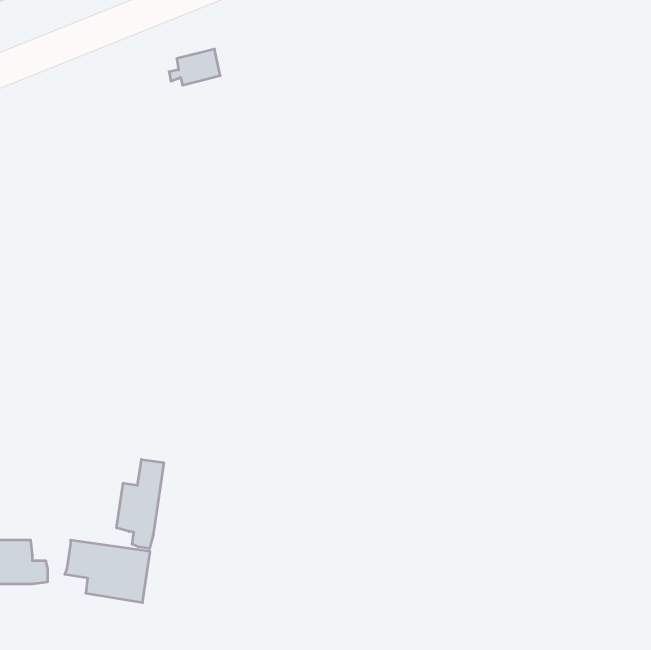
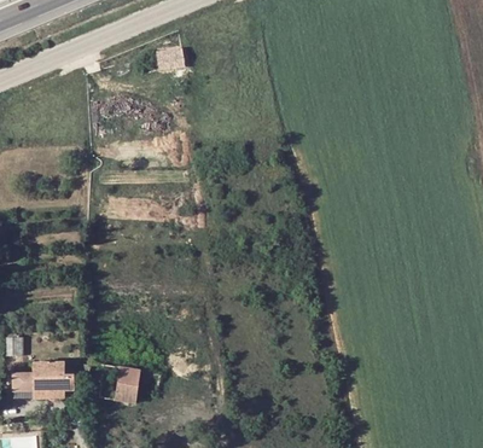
building: [117,459,164,549] -> none

